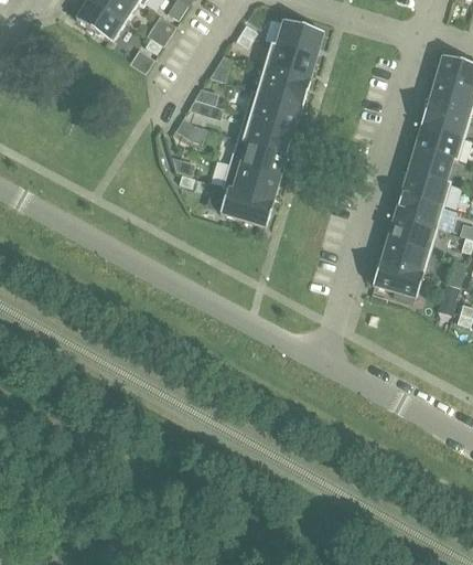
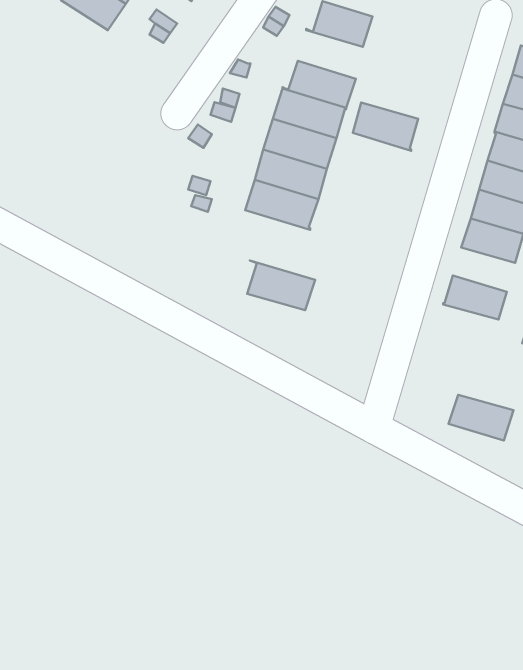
building: [264,42,315,81] -> [353,102,418,151]
building: [219,185,273,225] -> [247,260,315,310]
building: [387,215,437,250] -> none
building: [372,260,423,297] -> [448,395,513,441]

